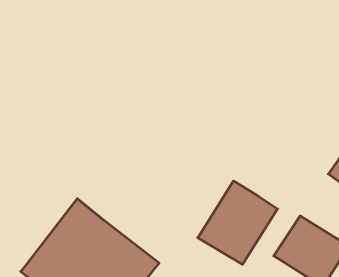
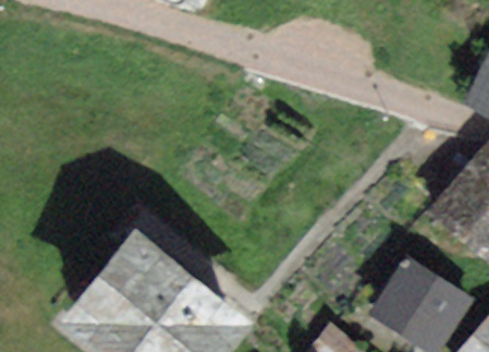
building: [198,181,278,264] -> none

